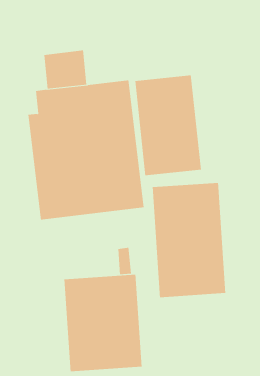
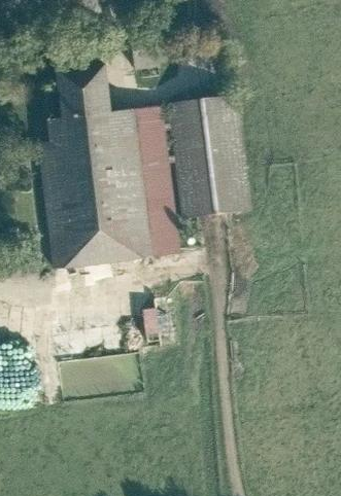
building: [152,182,226,298] -> none
building: [64,274,142,372] -> none

